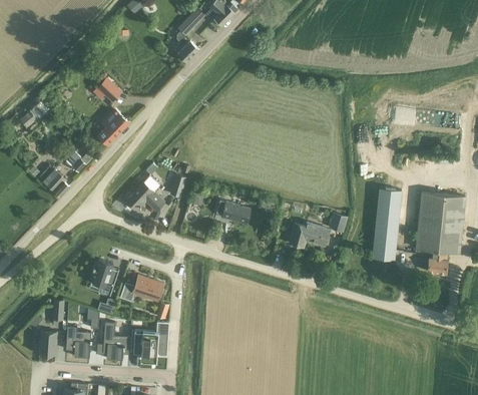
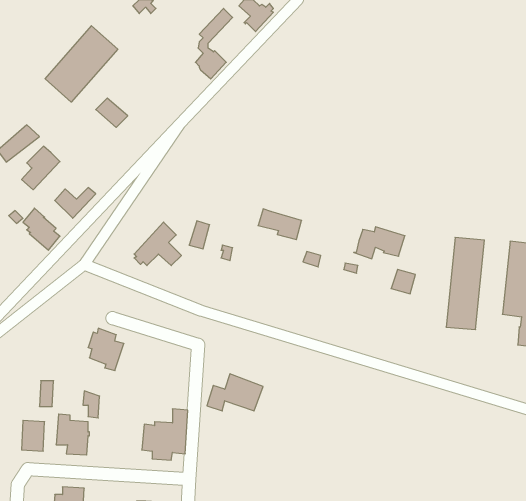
building: none -> [45,26,118,102]
building: [98,110,128,144] -> [22,146,60,190]
building: [215,200,250,224] -> [258,209,302,240]
building: [289,223,329,248] -> [354,227,405,259]
building: [119,273,163,302] -> [207,374,263,411]
building: [102,322,129,360] -> none

